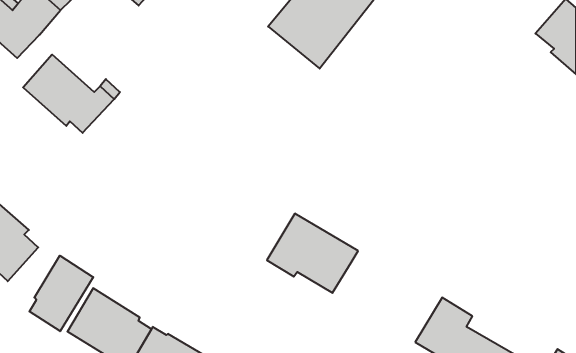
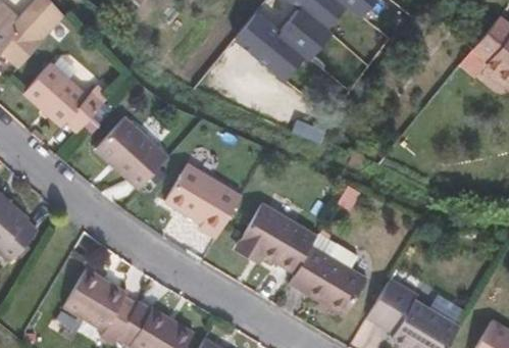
building: none -> [95,117,168,190]
building: none -> [165,165,241,239]
building: [29,256,93,331] -> none
building: none -> [290,246,366,315]

